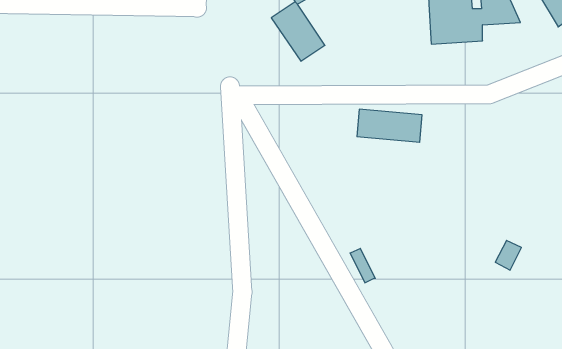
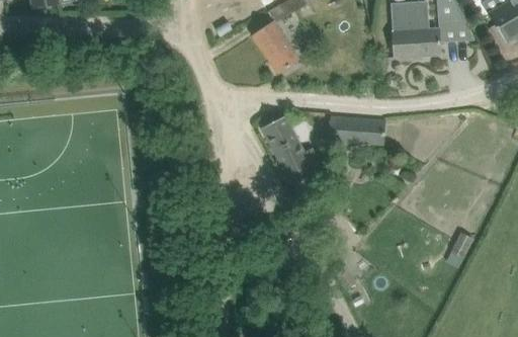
building: none -> [263,114,323,197]

